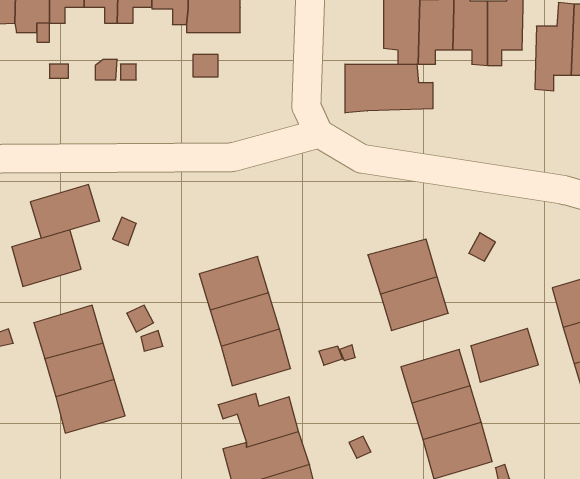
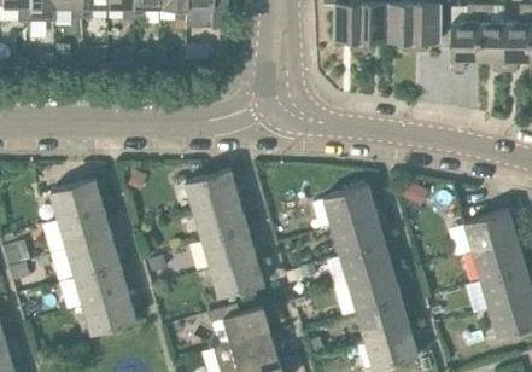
building: [345,64,433,113] -> none
building: [30,185,100,238] -> [58,209,111,250]
building: none -> [185,170,238,213]
building: [471,328,538,382] -> [340,243,392,284]

